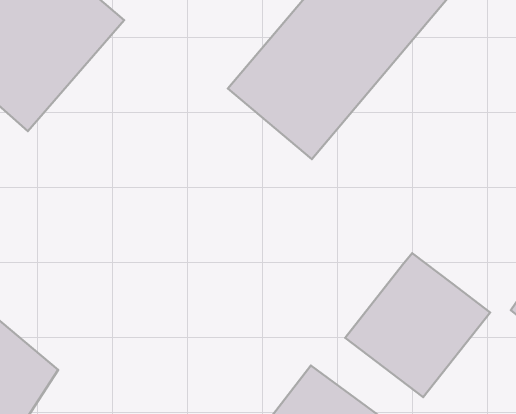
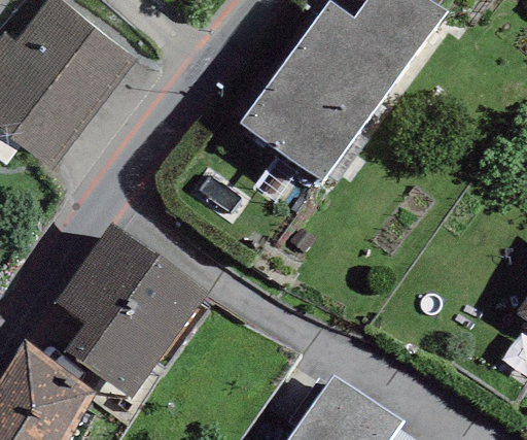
building: none -> [52,225,208,401]
building: [345,253,490,397] -> none

